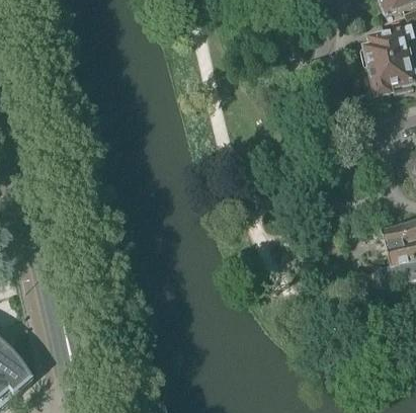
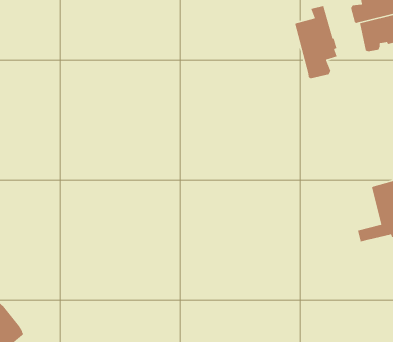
building: none -> [294,5,338,79]

